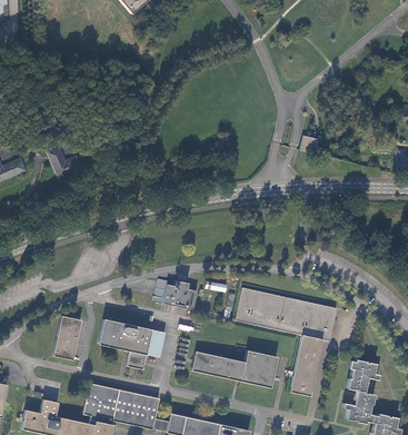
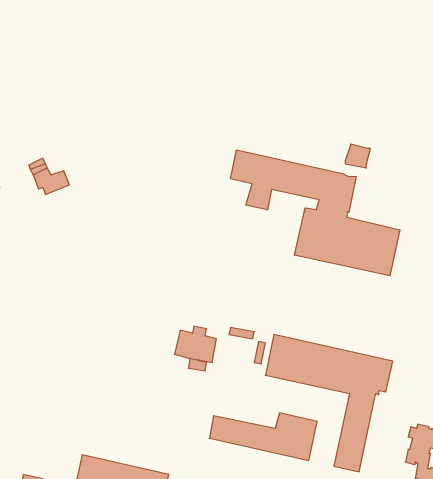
building: none -> [231,150,400,276]
building: [53,314,81,358] -> none
building: [98,317,165,367] -> none

